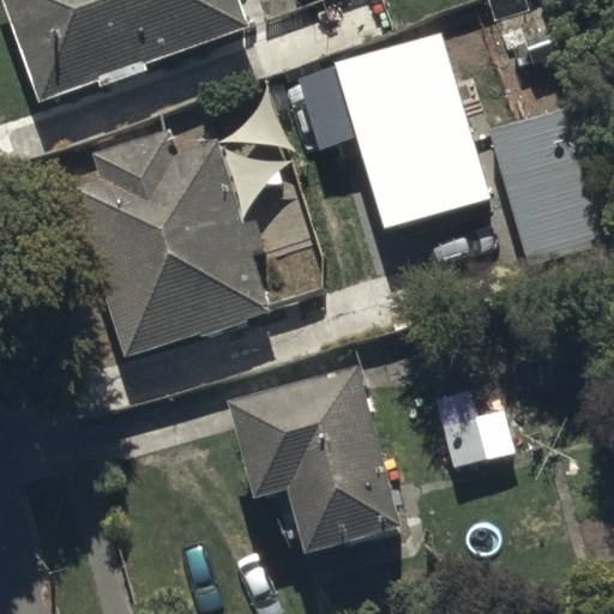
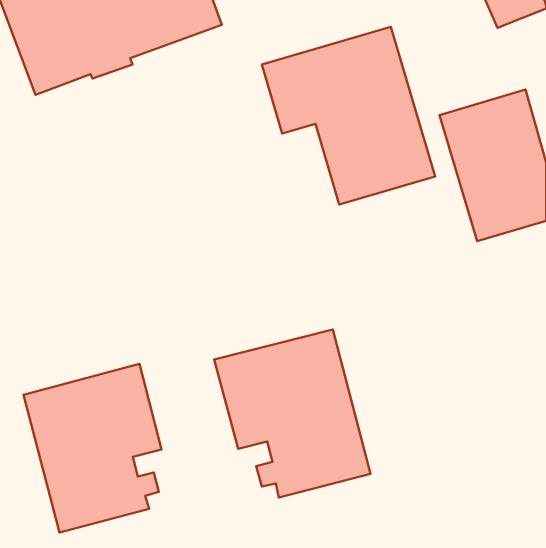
building: [73,128,272,356] -> none
building: none -> [24,364,161,533]

